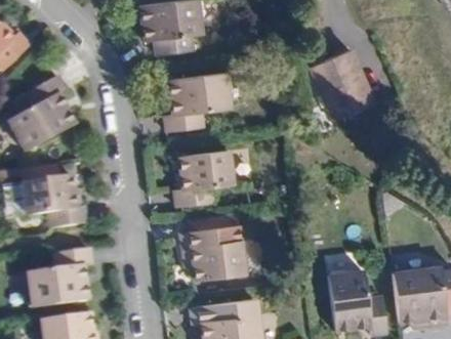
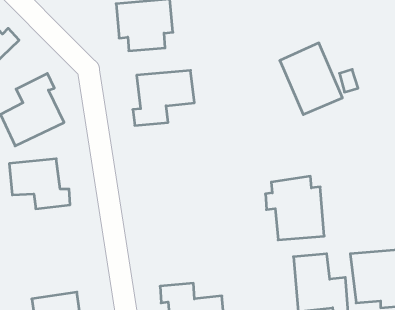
building: [172,152,228,206] -> none
building: [179,209,241,276] -> [265,176,324,240]
building: [35,241,99,299] -> none

